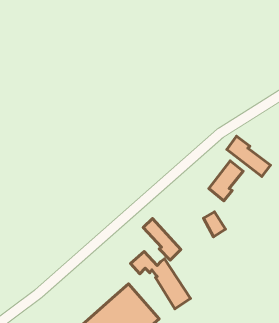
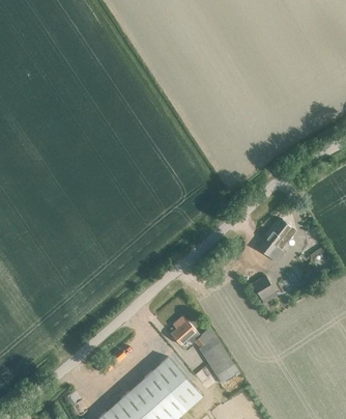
building: [227,136,270,177] -> none
building: [143,219,181,260] -> none

